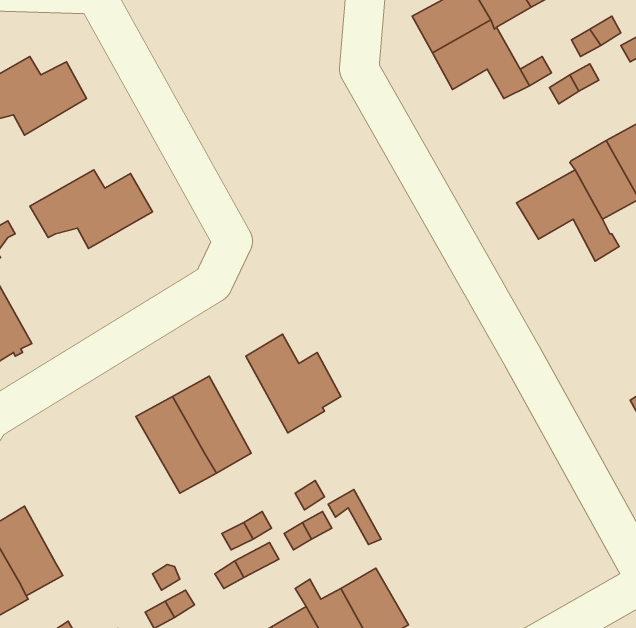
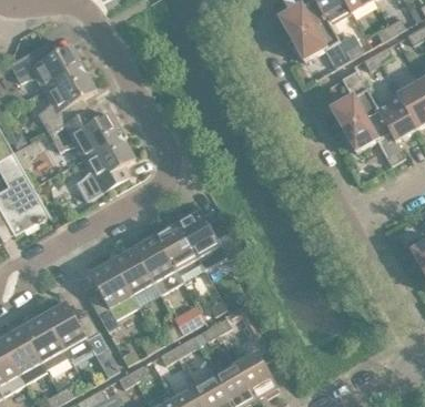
building: none -> [37,67,94,132]
building: none -> [330,70,377,130]
building: none -> [75,135,134,201]
building: none -> [155,223,203,282]
building: none -> [88,260,138,332]
building: none -> [43,302,105,360]

